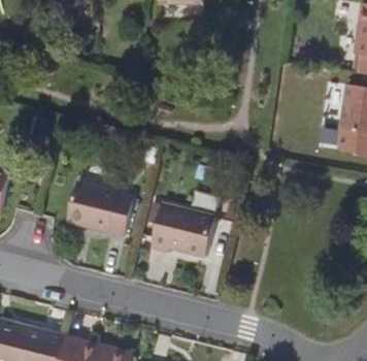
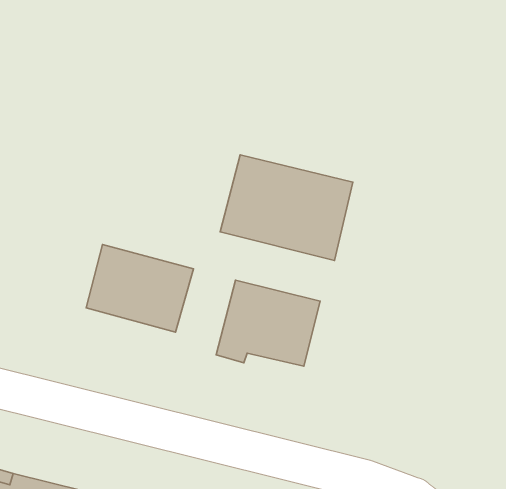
building: none -> [220,155,353,261]

